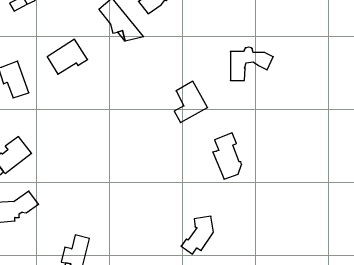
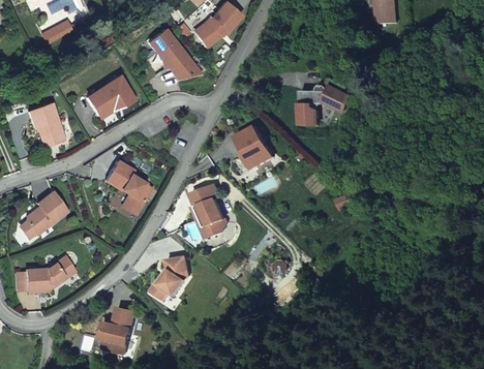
building: none -> [104,160,151,214]
building: [213,133,242,179] -> [194,185,229,240]
building: [181,216,213,254] -> [153,256,191,301]

